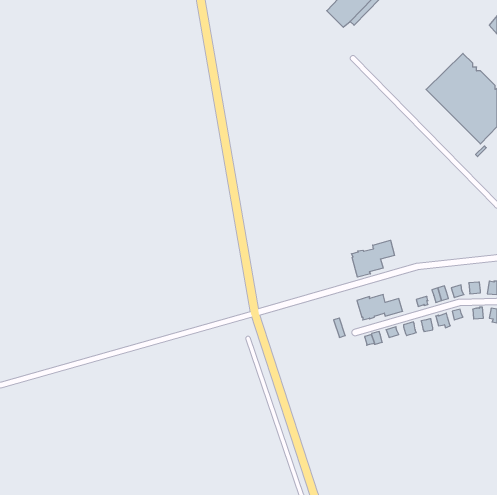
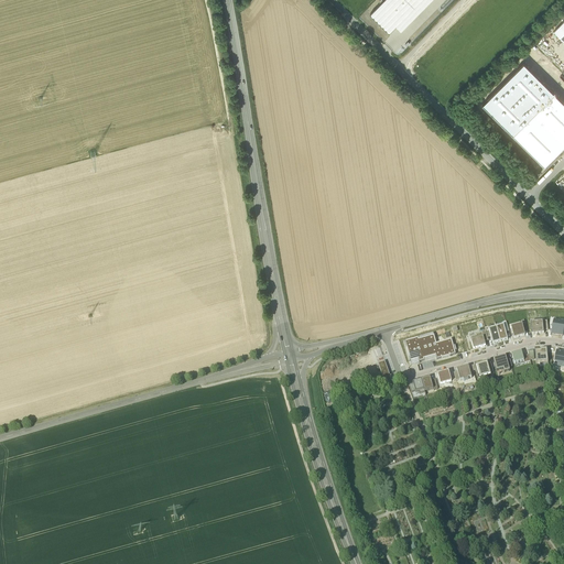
building: [351,240,394,277] -> none

